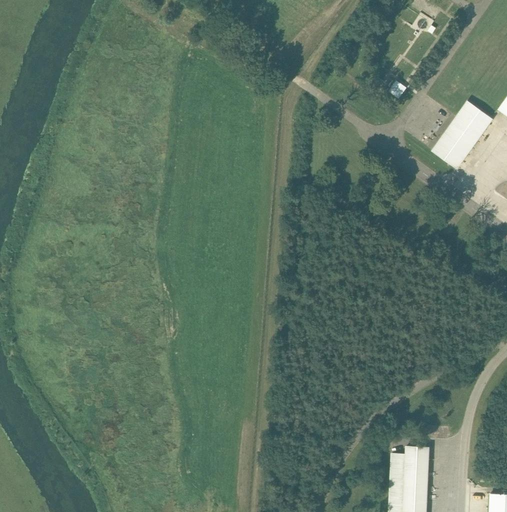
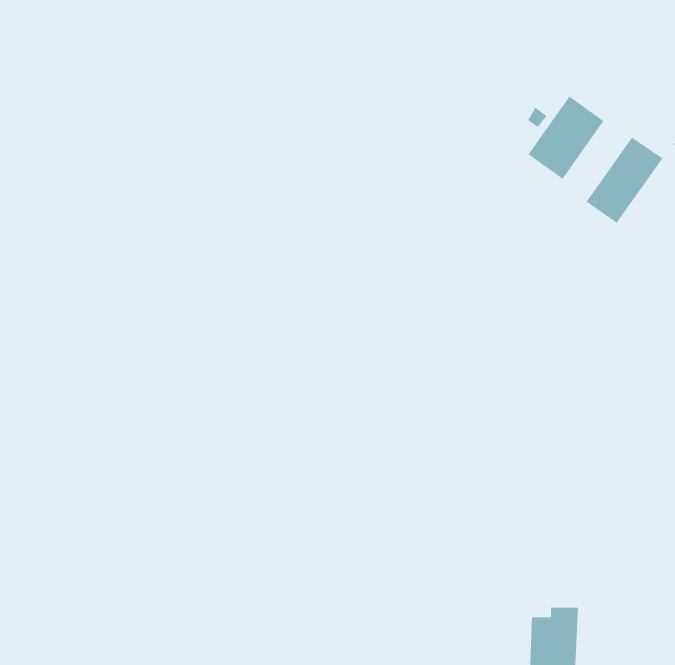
building: none -> [527,96,604,180]

